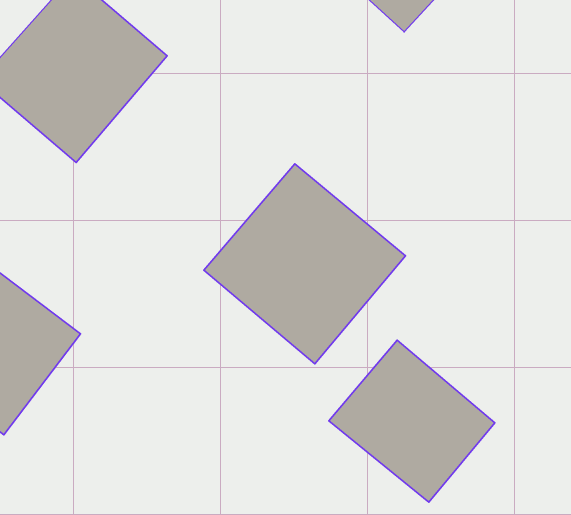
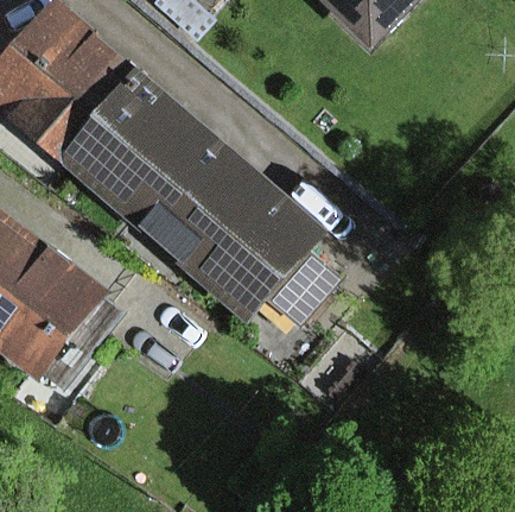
building: none -> [77,77,260,257]
building: [329,340,495,502] -> none

